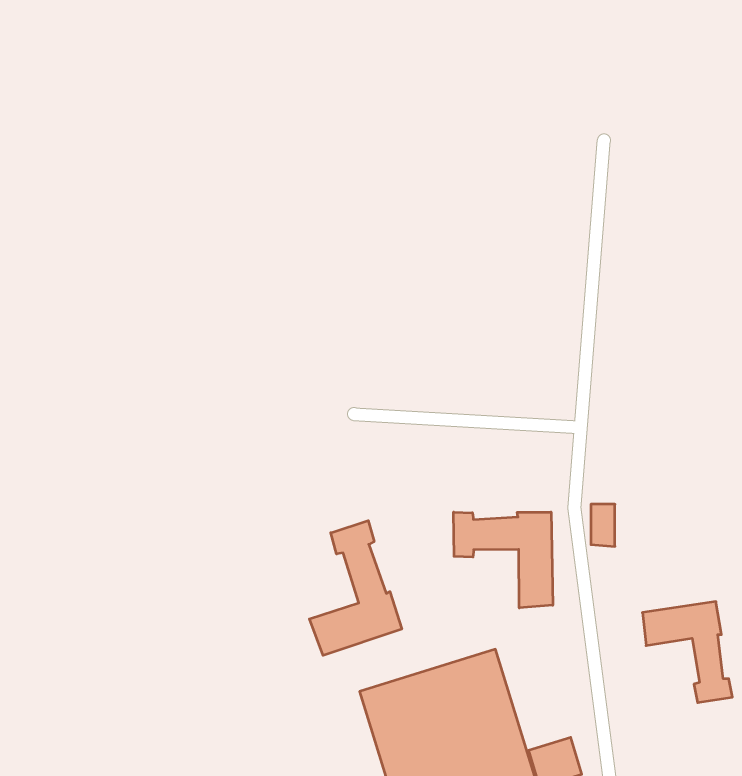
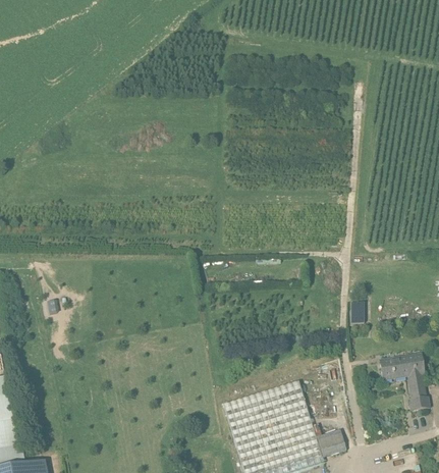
building: [454,512,553,608] -> none
building: [309,521,402,655] -> none

